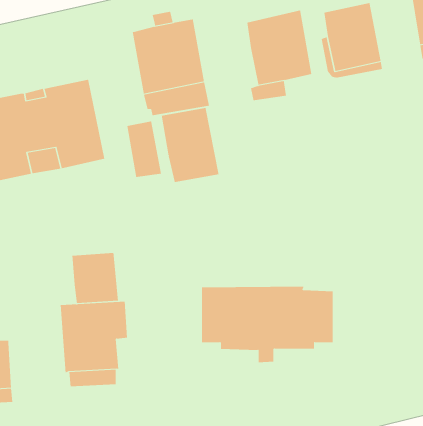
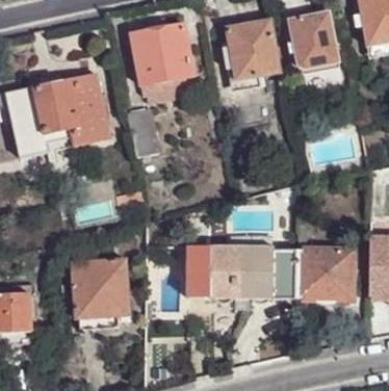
building: [161,107,219,183] -> none
building: [72,252,119,304] -> none
building: none -> [297,249,353,297]

